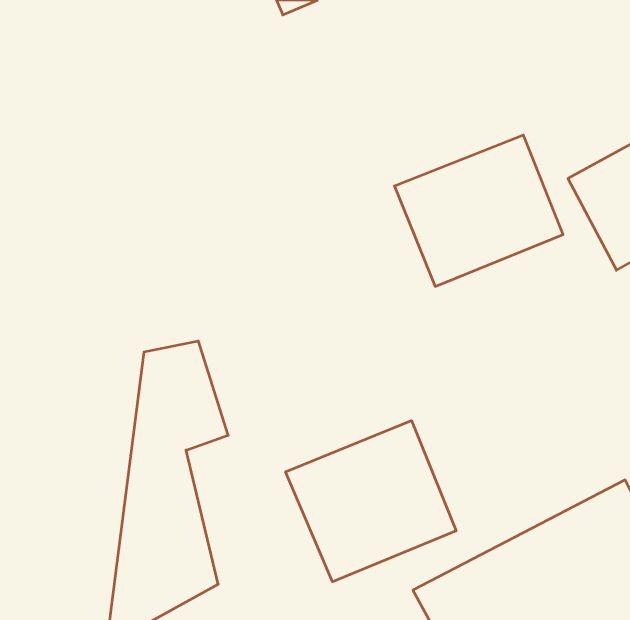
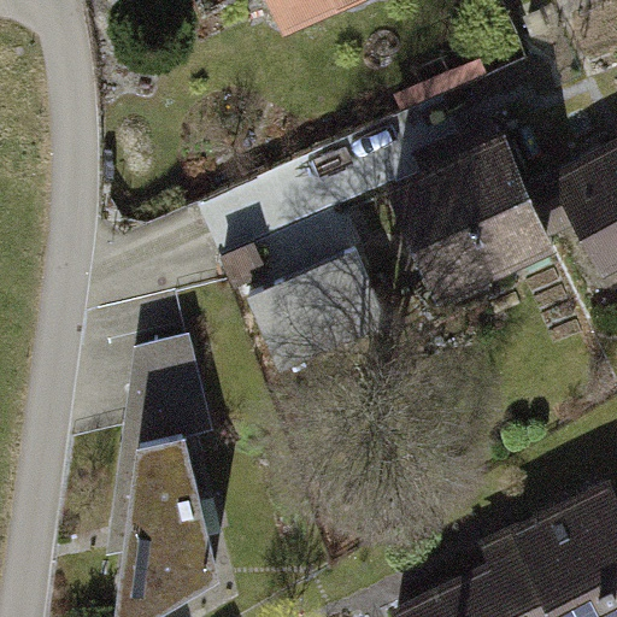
building: none -> [255,258,400,387]
building: [286,421,456,582] -> none

